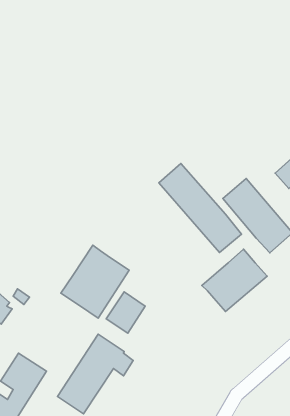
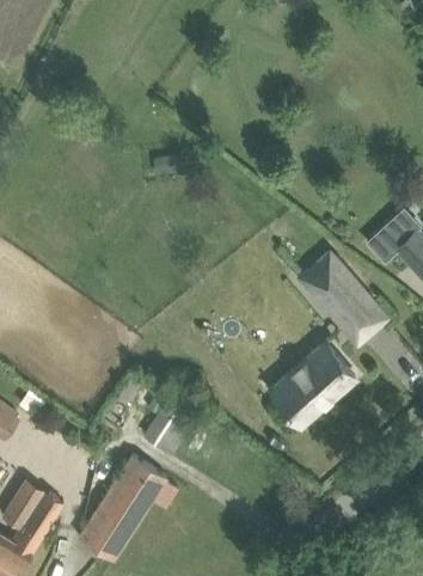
building: [159,163,242,253] -> none
building: [61,245,129,318] -> none

